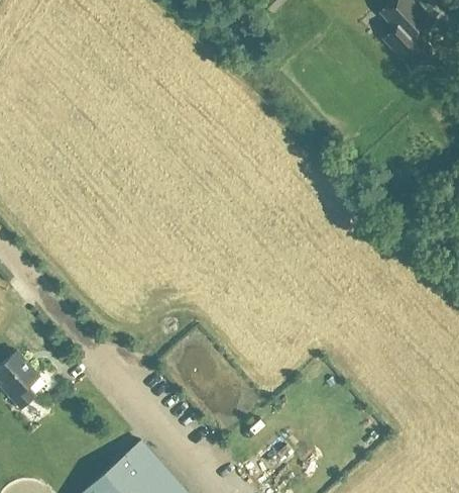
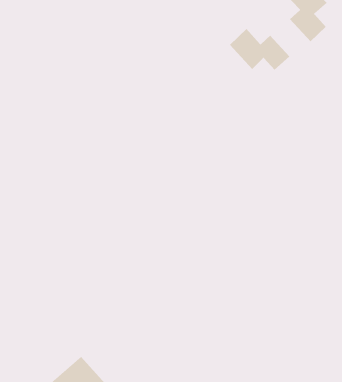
building: none -> [229,28,290,71]

